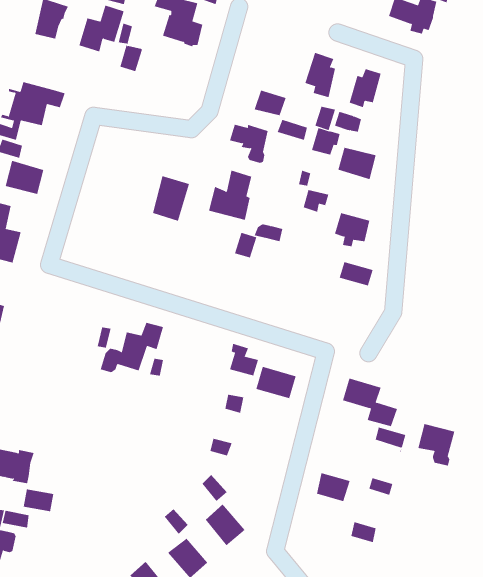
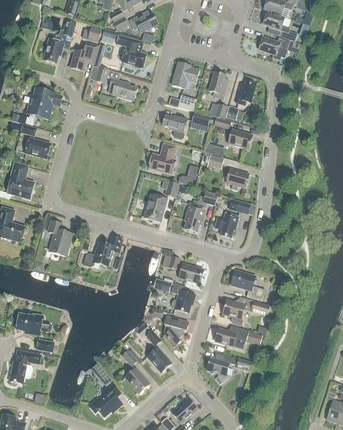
building: none -> [172,60,199,87]
building: none -> [109,77,137,100]
building: [152,176,190,221] -> [144,193,167,221]
building: none -> [184,191,217,231]
building: none -> [214,211,238,237]
building: none -> [48,219,71,253]
building: none -> [171,281,195,312]
building: [417,423,455,466] -> [222,298,245,324]
building: none -> [163,315,188,346]
building: none -> [205,354,236,383]

